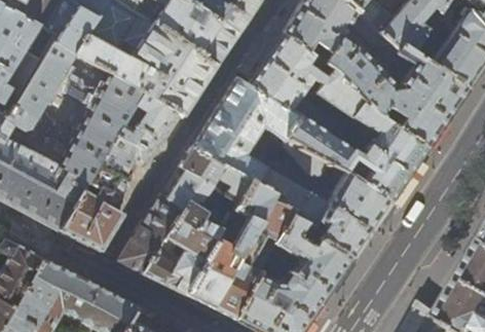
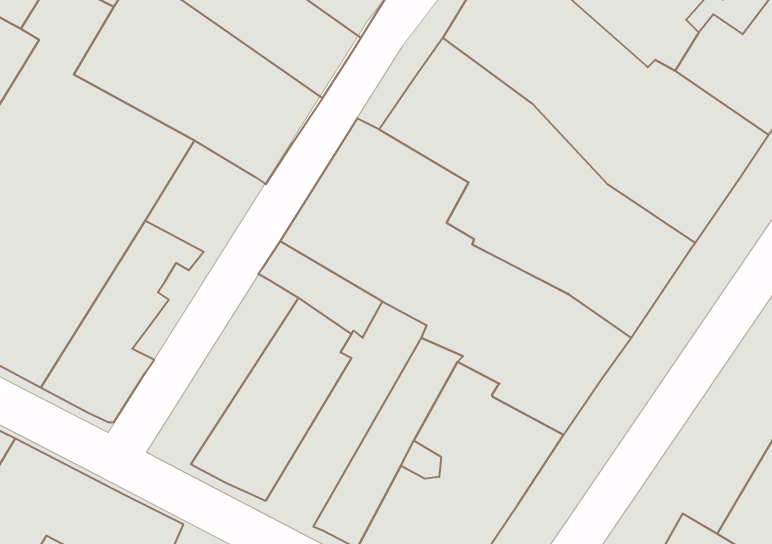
building: [116,93,178,155] -> none
building: [119,168,202,274] -> none
building: [184,183,274,309] -> none

